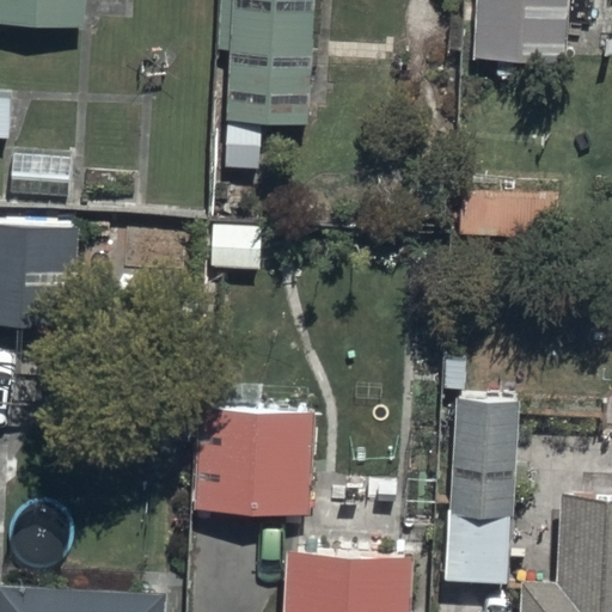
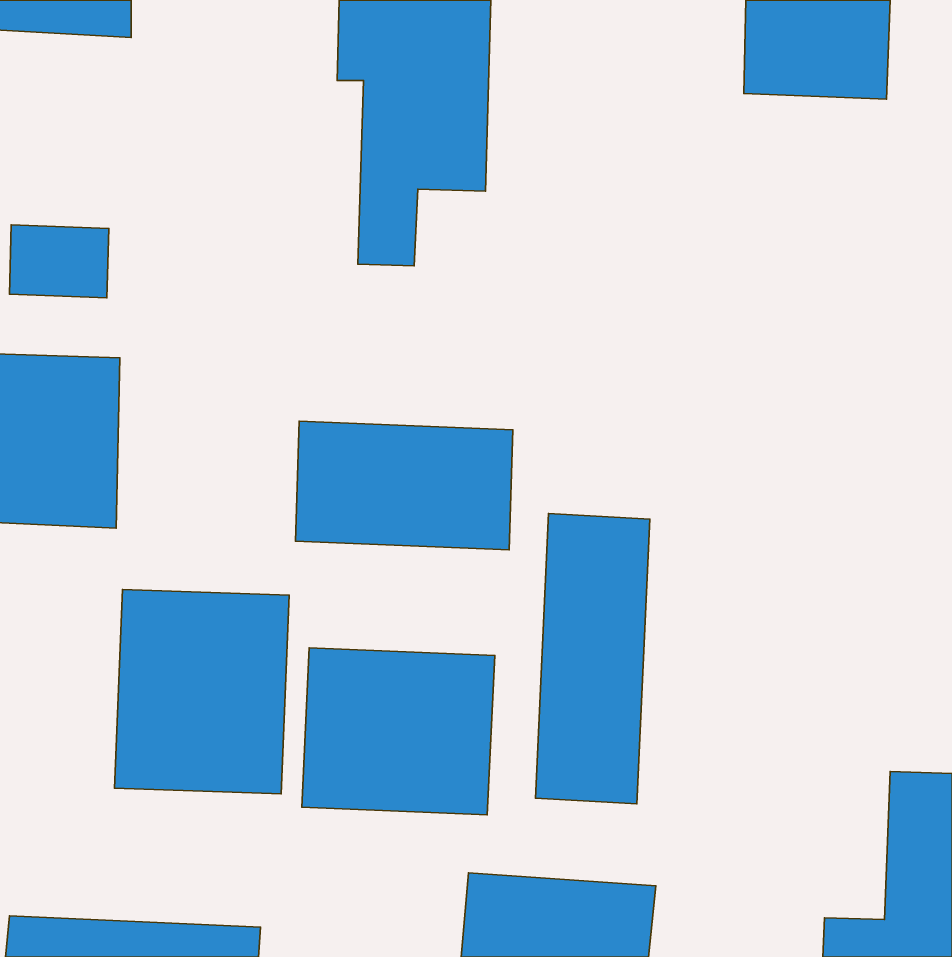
building: none -> [295,421,513,550]
building: none -> [114,590,289,794]
building: [440,387,513,573] -> [536,514,650,804]

